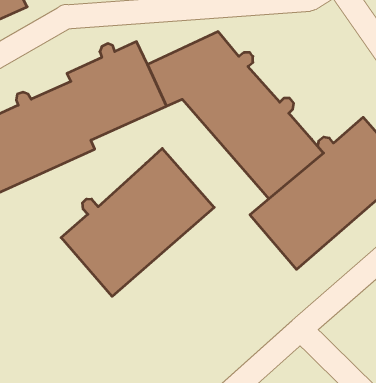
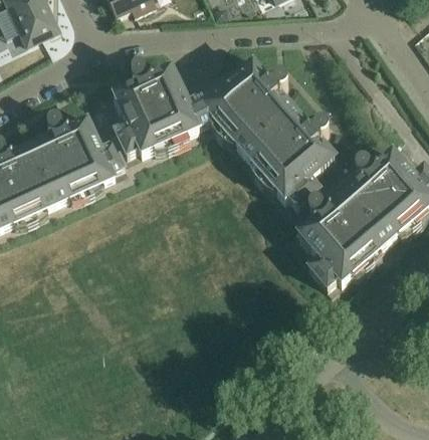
building: [61,148,214,296] -> none

